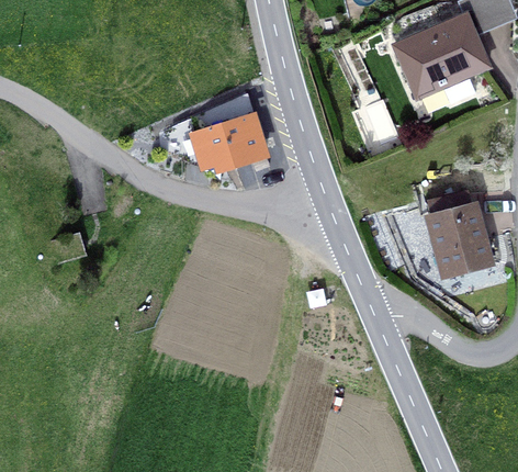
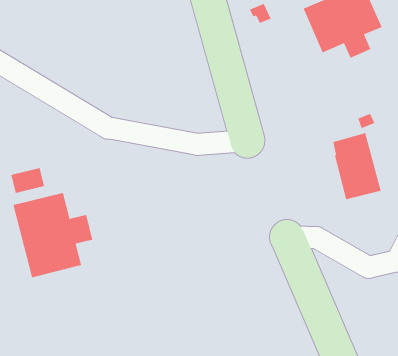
building: [160,98,267,169] -> none
building: none -> [13,192,93,278]

